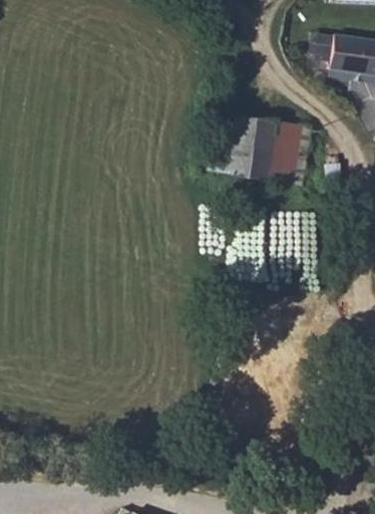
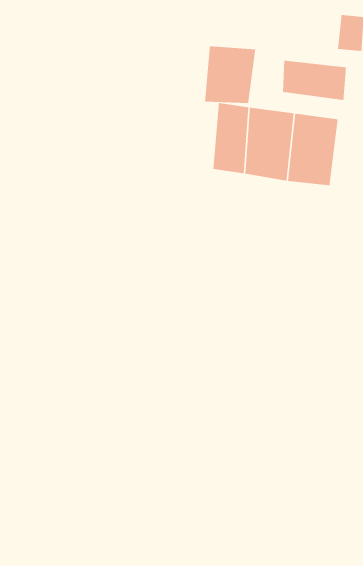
building: none -> [204,46,256,104]
building: none -> [283,60,347,101]

